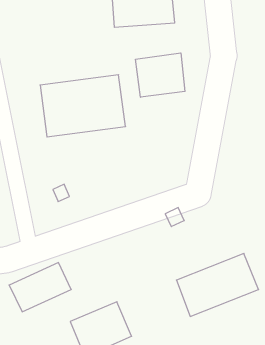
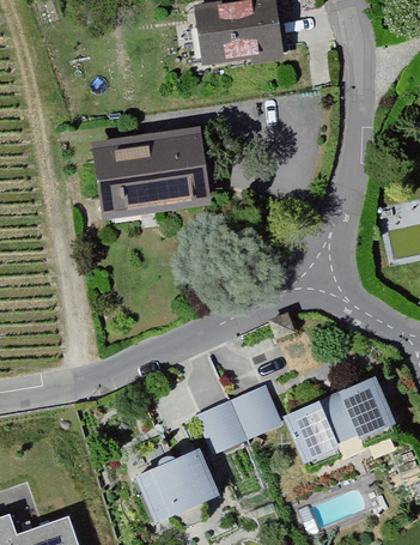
building: [136,53,185,97] -> none
building: [9,263,71,312] -> [194,384,280,453]

